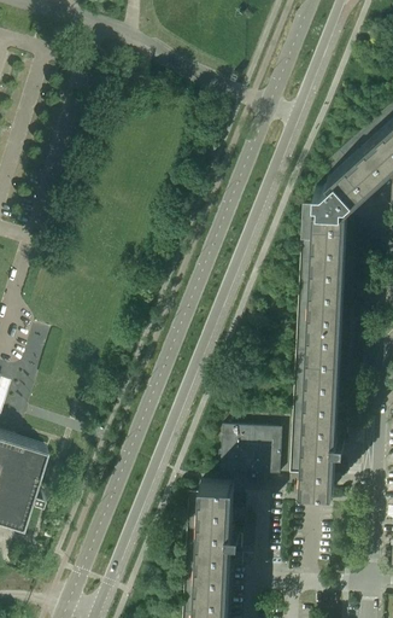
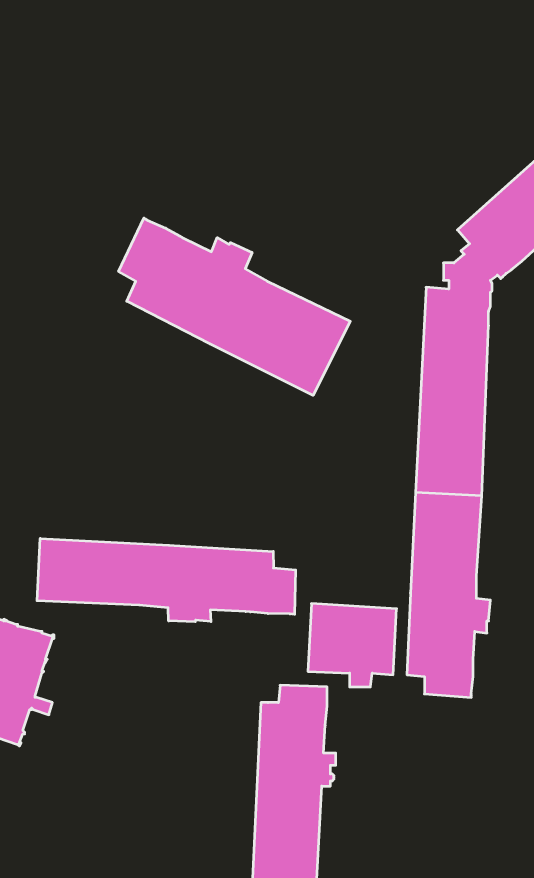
building: none -> [119,218,350,395]
building: none -> [37,538,296,622]

